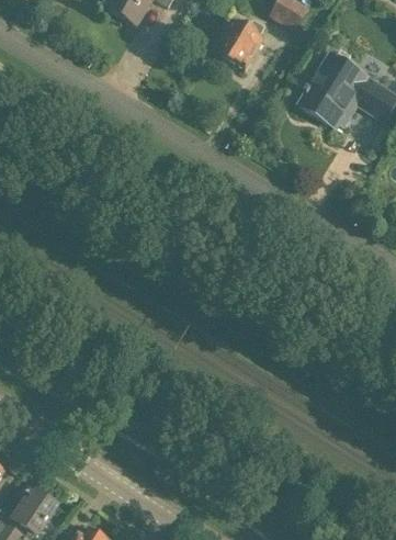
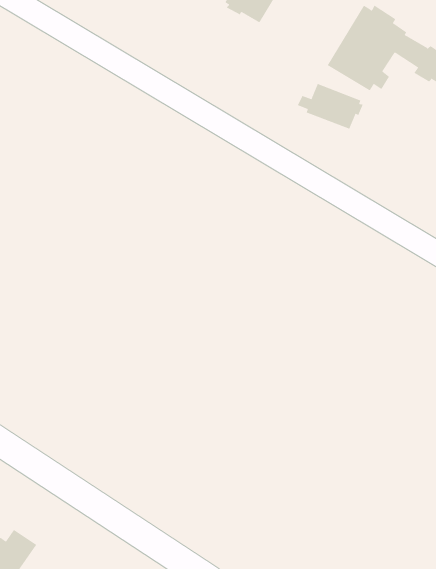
building: none -> [297,83,364,130]

